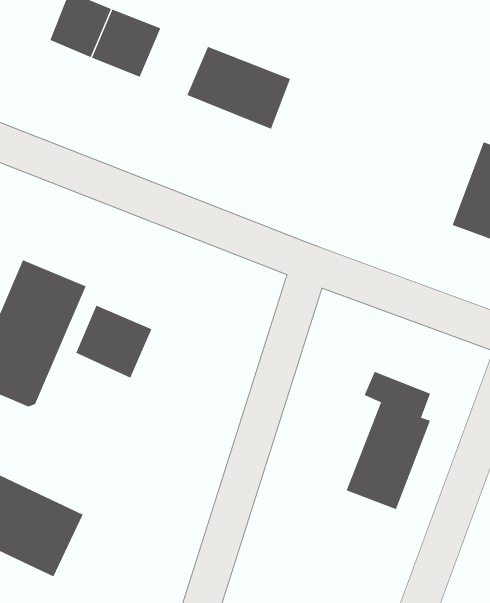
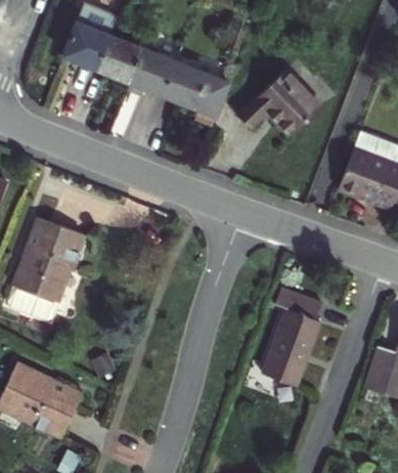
building: none -> [123,53,169,99]
building: none -> [232,64,318,131]
building: [76,305,152,378] -> none

